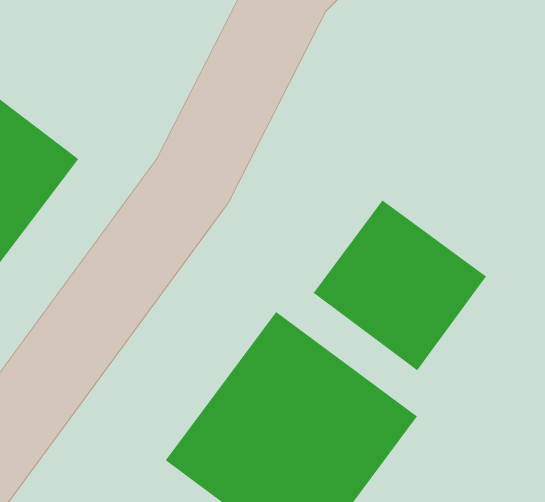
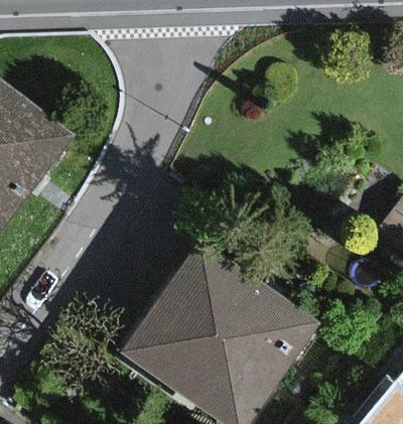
building: [313,199,487,371] -> none

